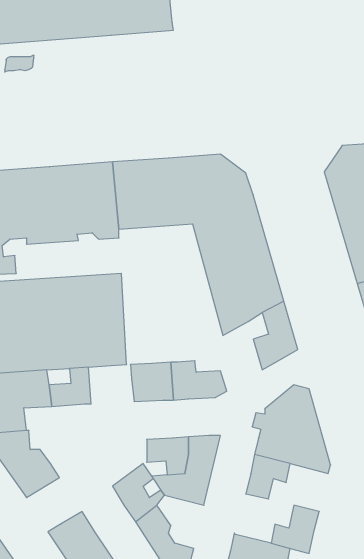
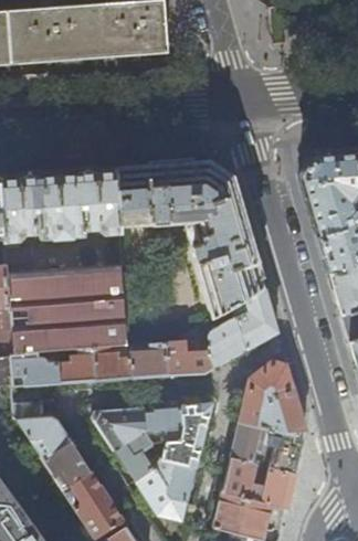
building: none -> [209,316,246,368]
building: none -> [95,346,135,379]
building: none -> [94,410,146,450]
building: none -> [267,431,304,473]
building: none -> [41,443,89,484]
building: none -> [223,457,257,500]
building: none -> [155,458,196,505]

